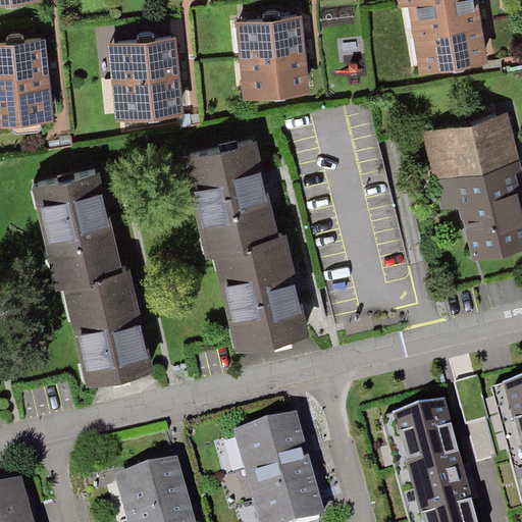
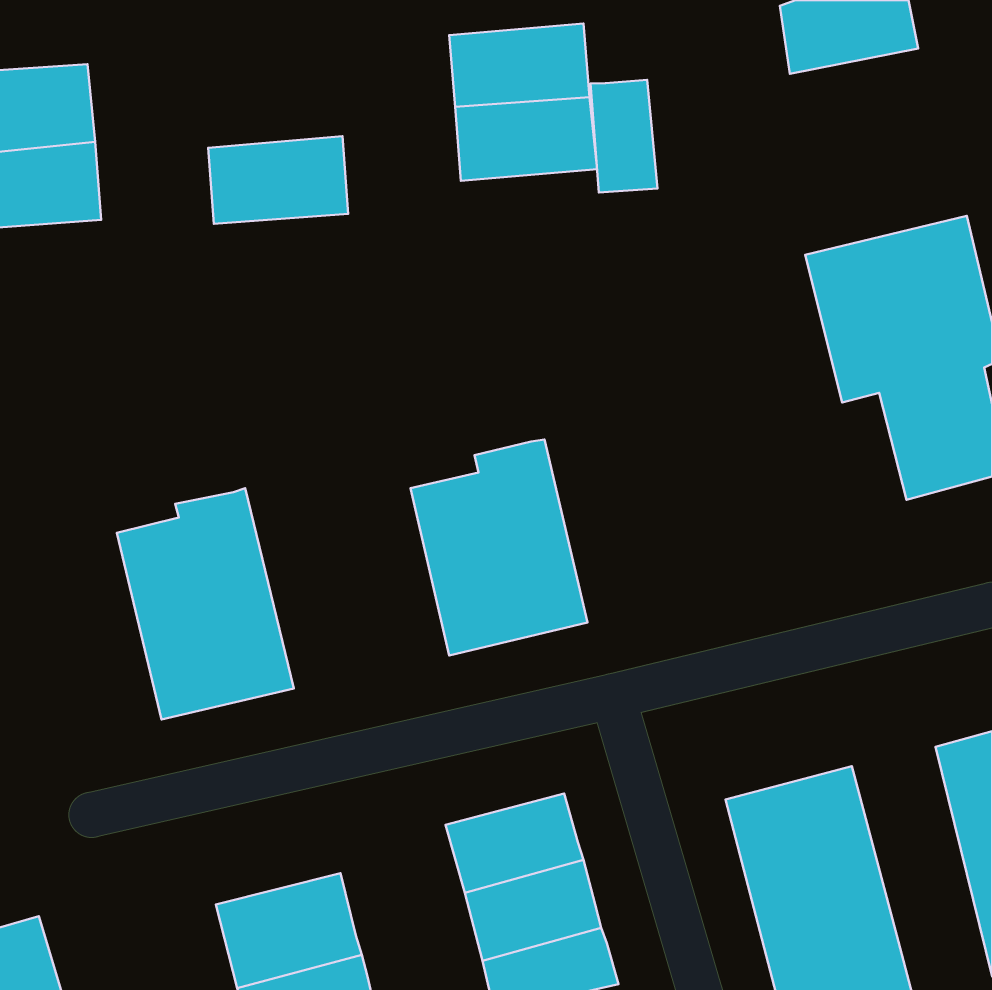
building: [414,28,486,75] -> none
building: [106,33,179,80] -> none
building: none -> [590,80,657,193]
building: [181,139,278,259] -> none
building: [33,166,122,282] -> none

